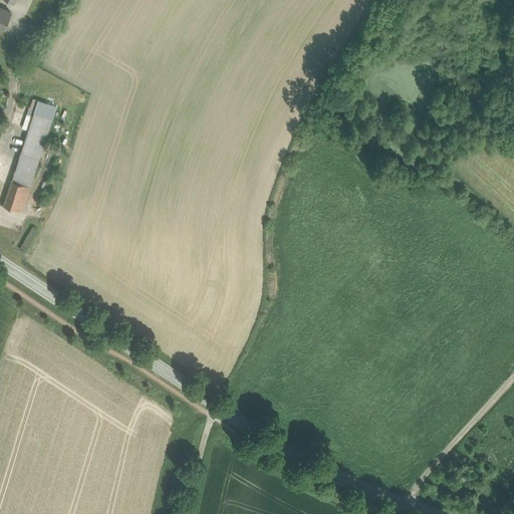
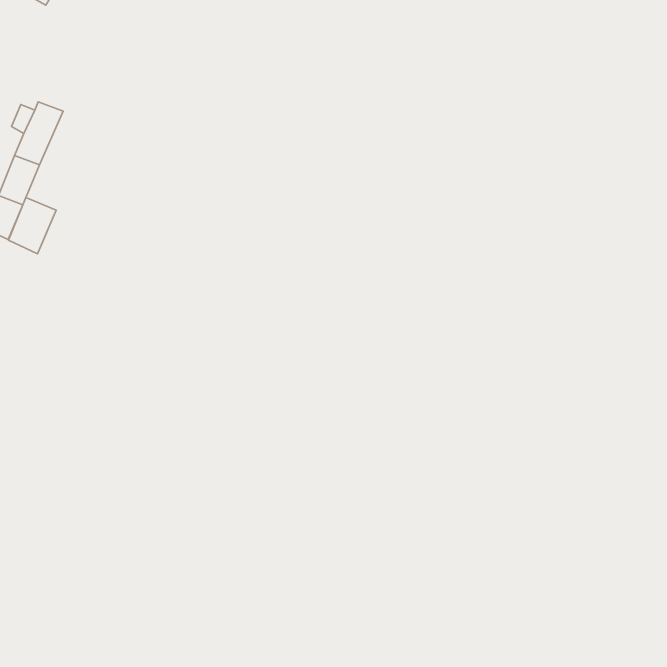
building: none -> [8,198,56,254]

